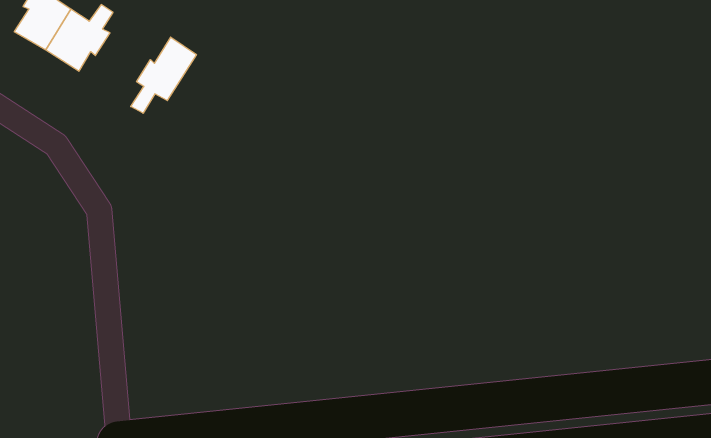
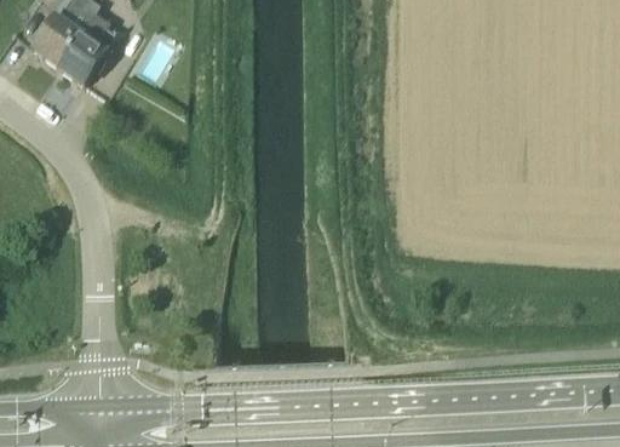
building: [131,37,196,113] -> none

